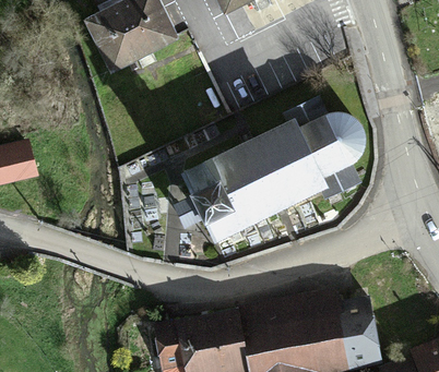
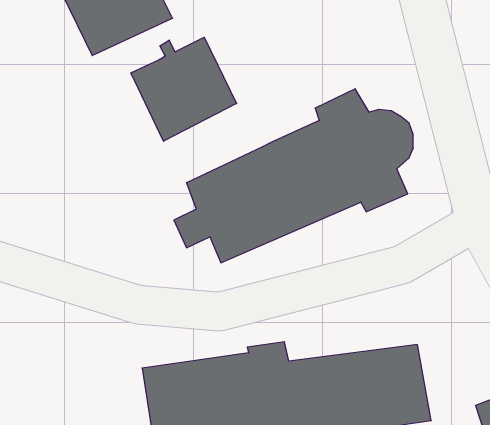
building: none -> [131,37,237,141]

